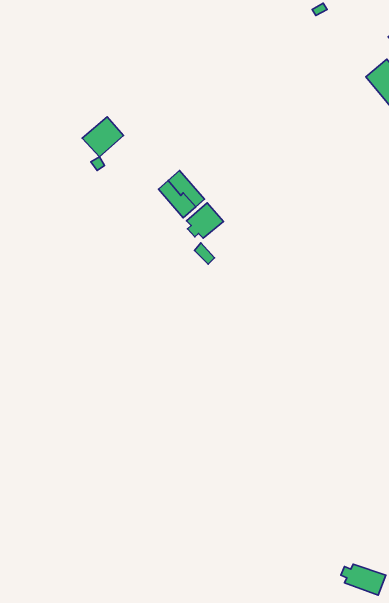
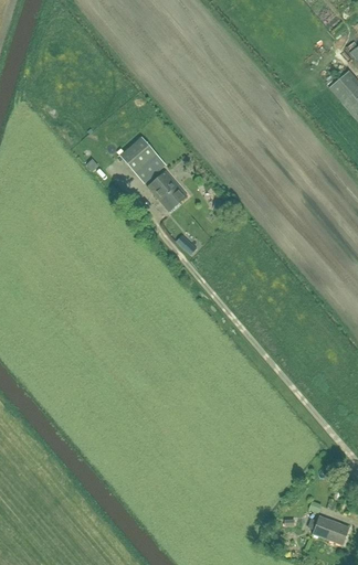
building: [82,117,123,157] -> [119,137,156,172]
building: [187,203,223,238] -> none

